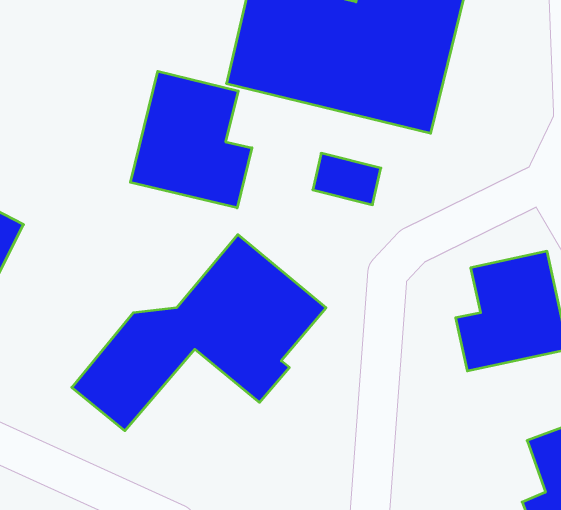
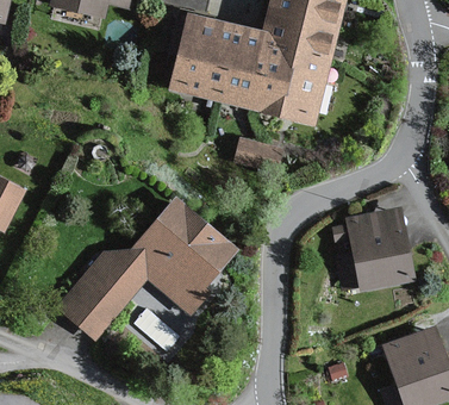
building: [130,71,252,208] -> none

